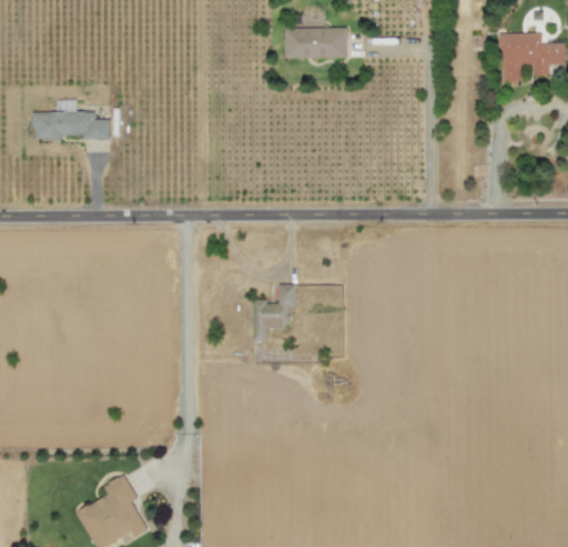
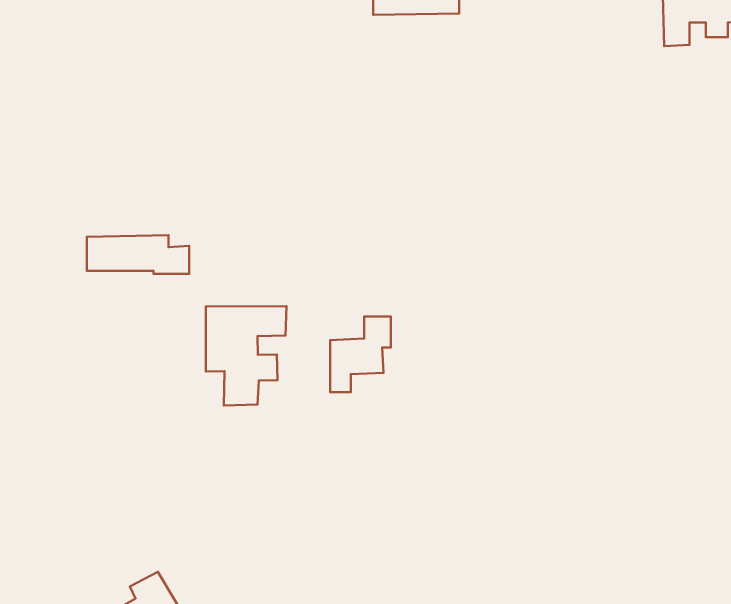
building: [33,111,110,140] -> [87,235,189,274]
building: none -> [206,306,287,405]

